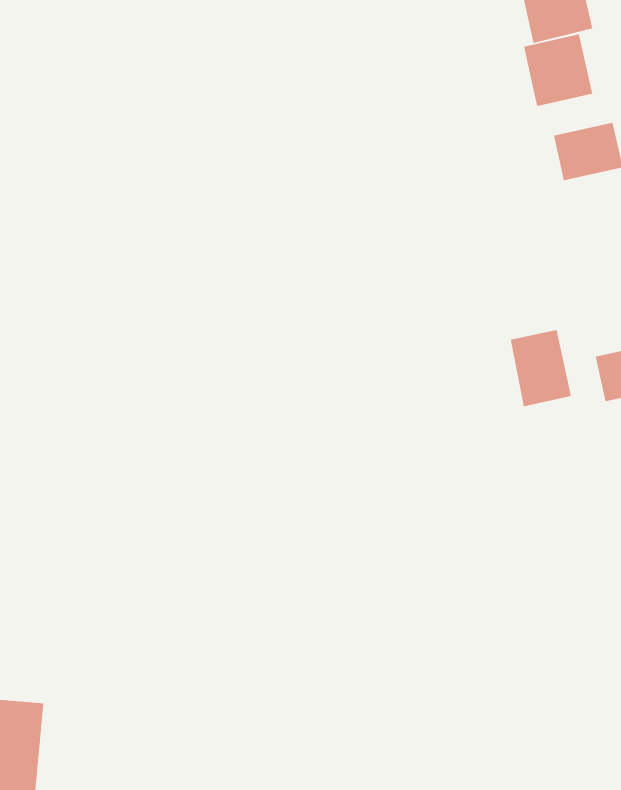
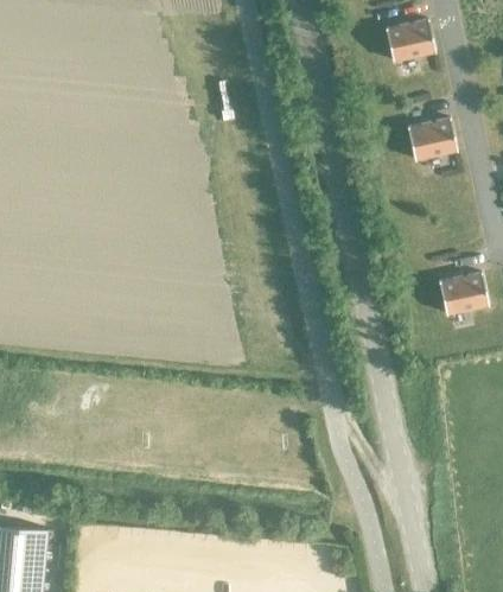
building: [523,34,593,107] -> none
building: [510,329,572,407] -> none

